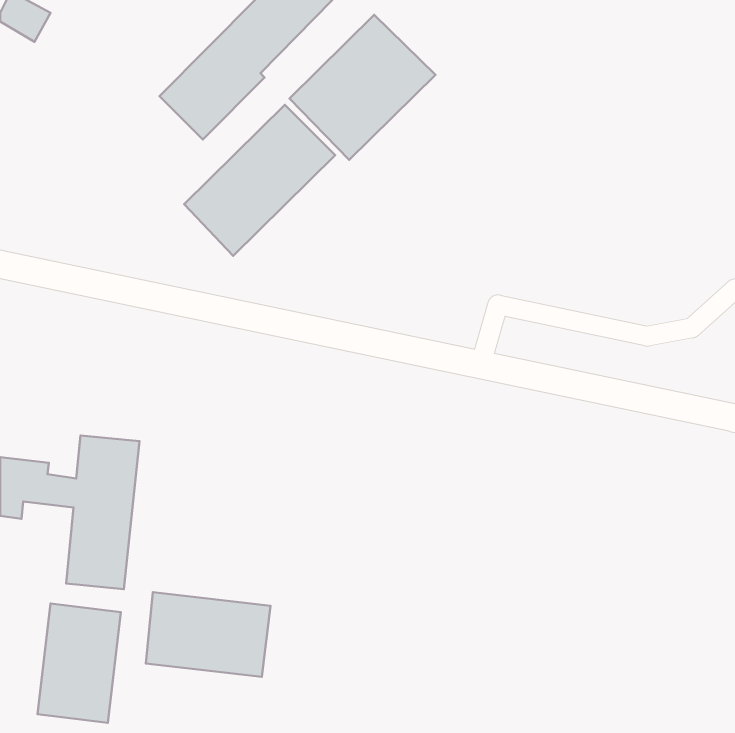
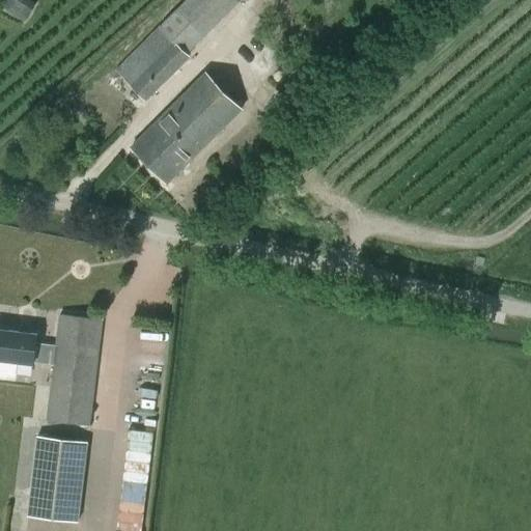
building: [289,15,435,160] -> none
building: [146,592,271,677] -> none

